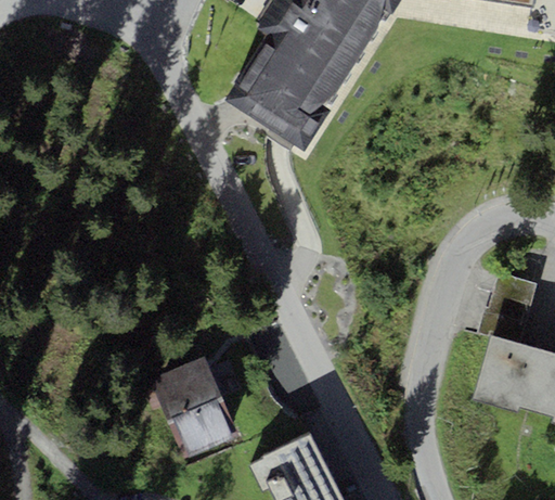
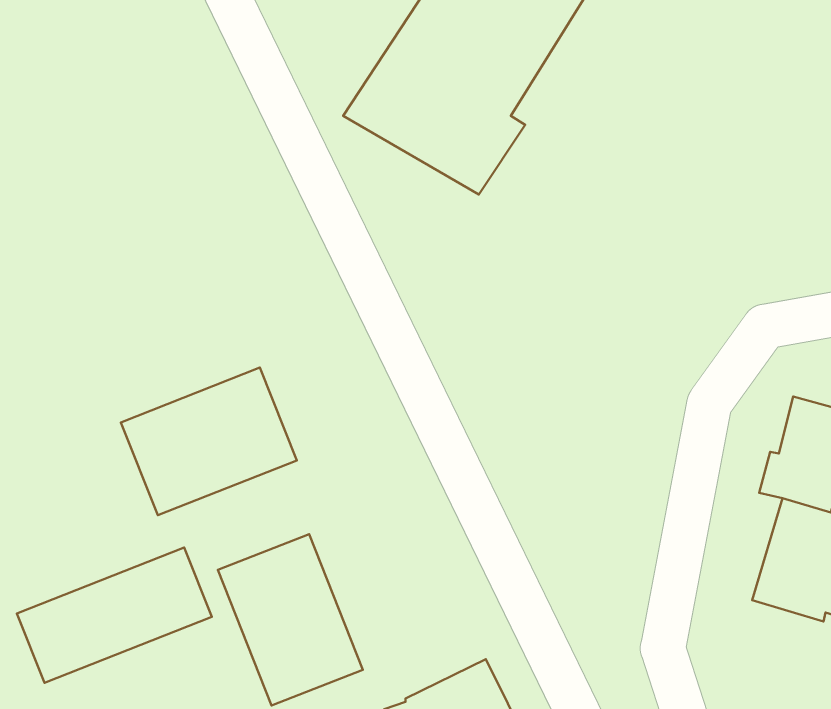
building: none -> [121,368,297,515]
building: none -> [17,548,212,683]

